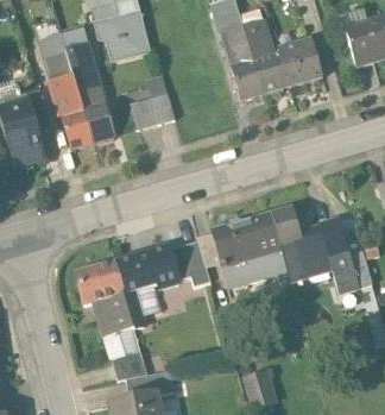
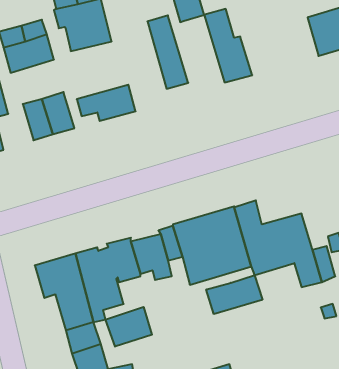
building: [222,25,263,98] -> [147,15,188,89]
building: [278,37,322,84] -> none
building: [50,69,103,114] -> none
building: none -> [206,275,262,314]
building: none -> [106,307,152,347]

